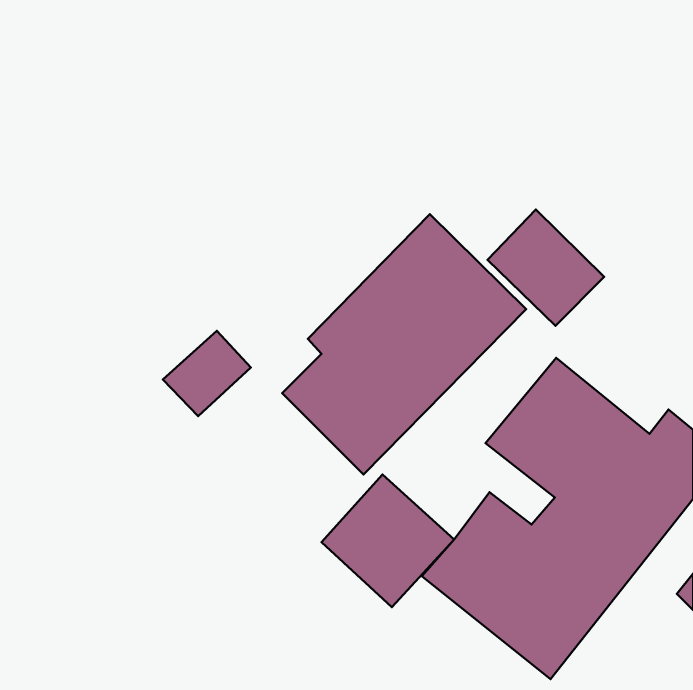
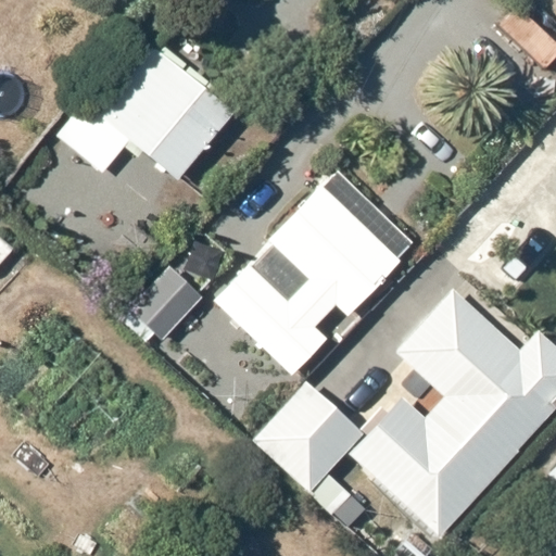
building: none -> [55,47,230,174]
building: [487,210,604,326] -> none

